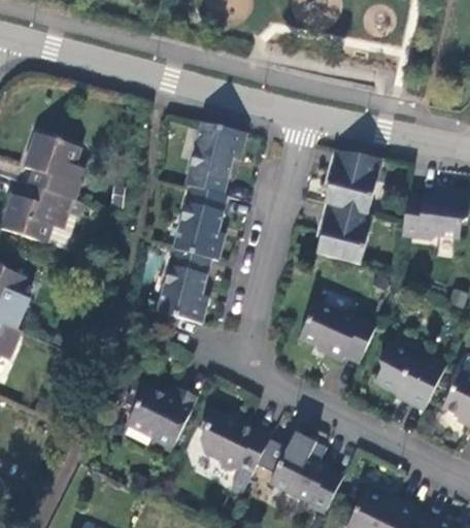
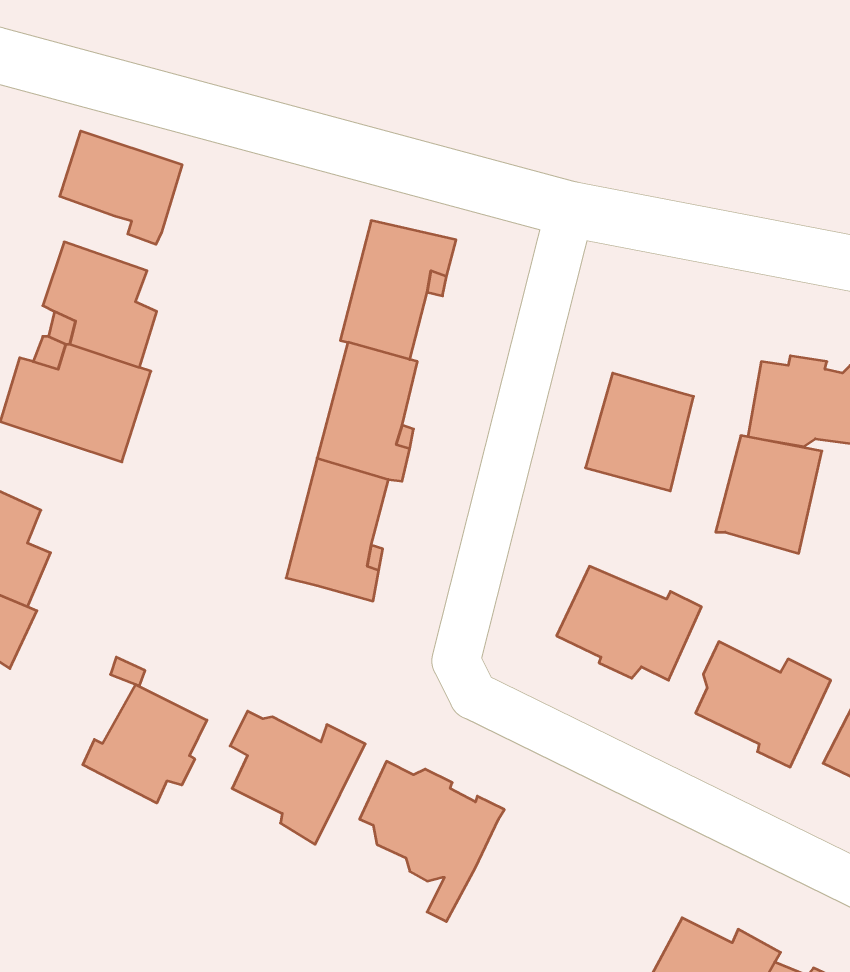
building: none -> [60,131,182,244]
building: [324,150,380,212] -> [716,436,822,553]
building: none -> [83,684,207,803]
building: [256,432,342,515] -> none

